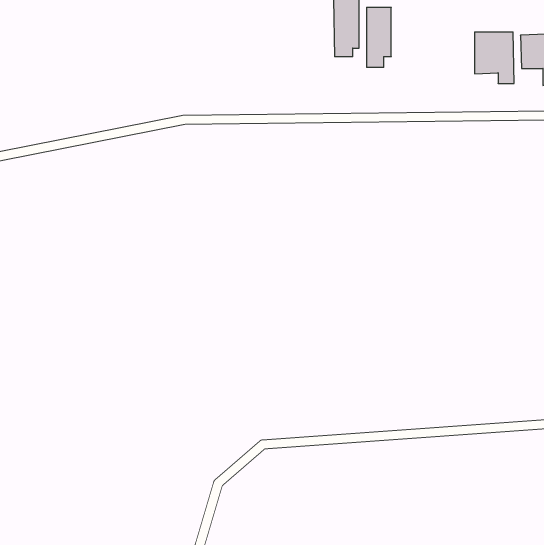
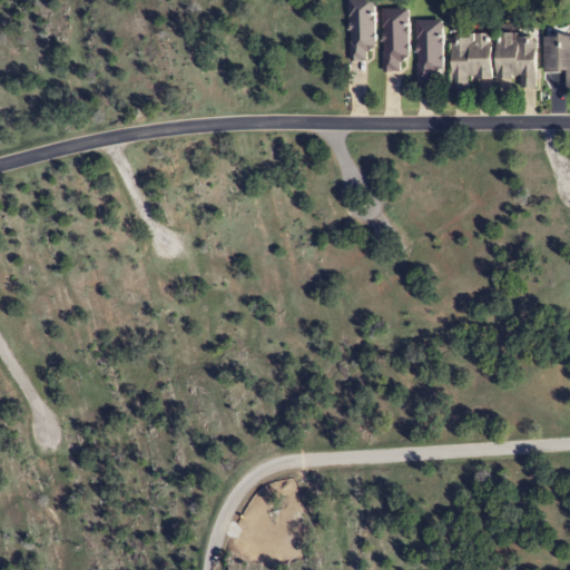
building: none -> [417,19,443,81]
building: none -> [451,35,492,88]

